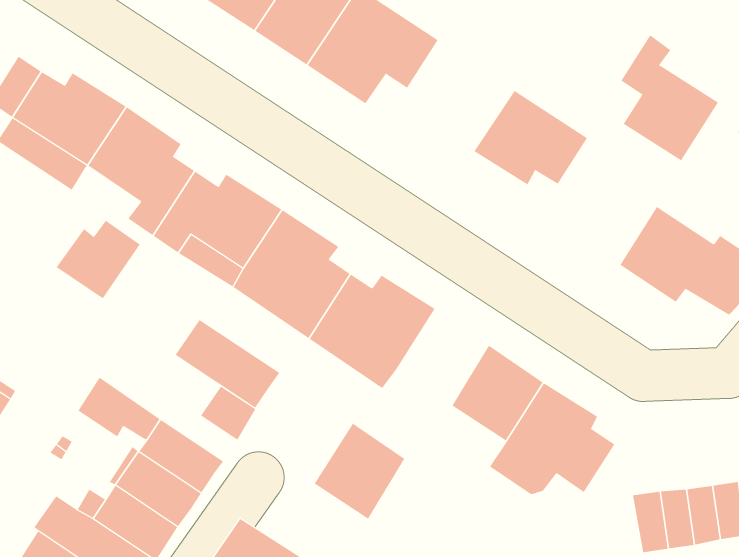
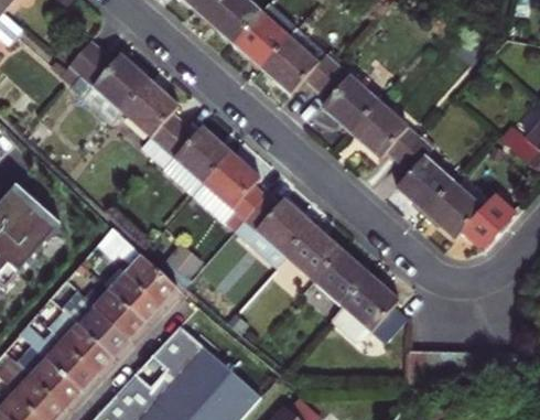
building: [620,34,719,161] -> [390,132,447,208]
building: none -> [313,63,375,130]
building: [56,220,140,299] -> none
building: [175,319,280,409] -> none
building: [314,423,405,519] -> [283,218,338,276]

